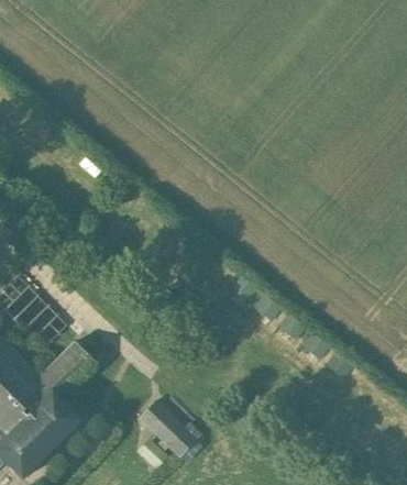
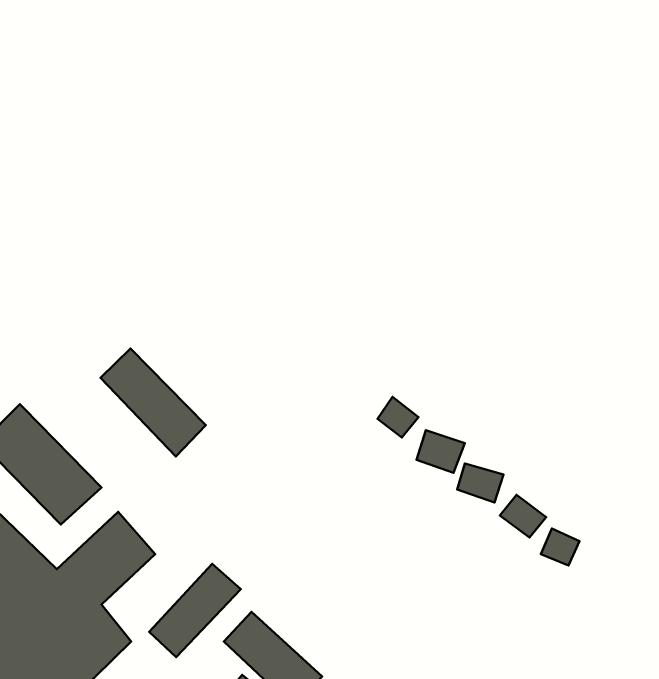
building: none -> [100,348,206,457]
building: none -> [149,564,241,657]

